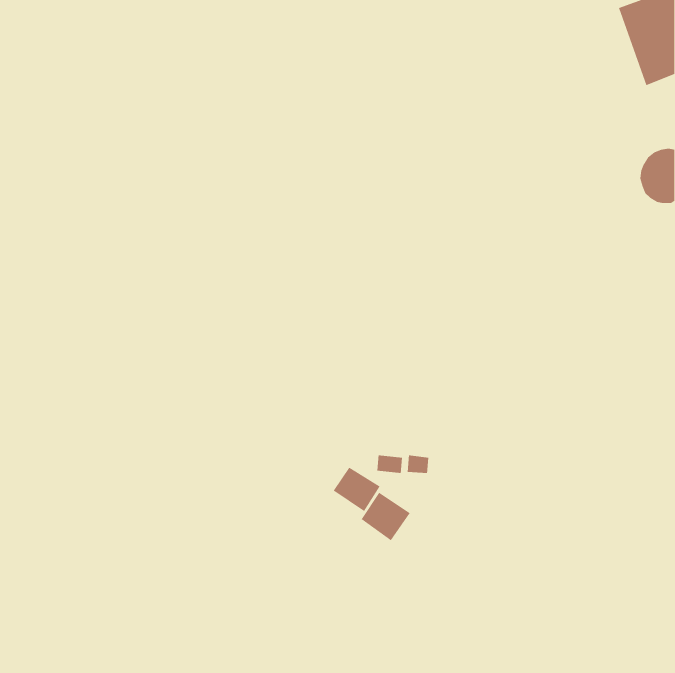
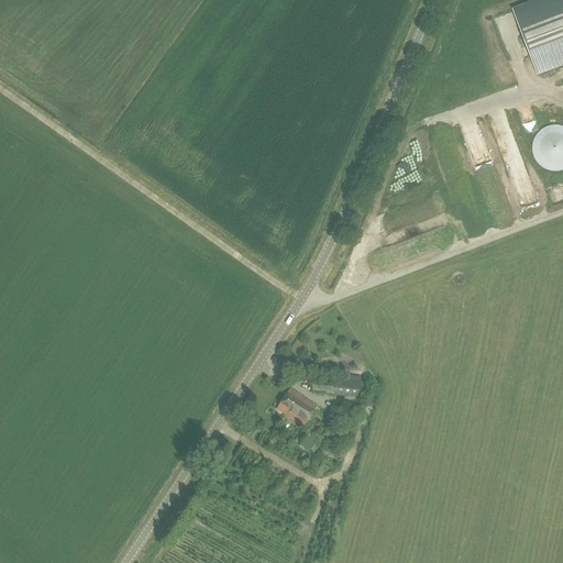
building: [361,492,411,541] -> none

